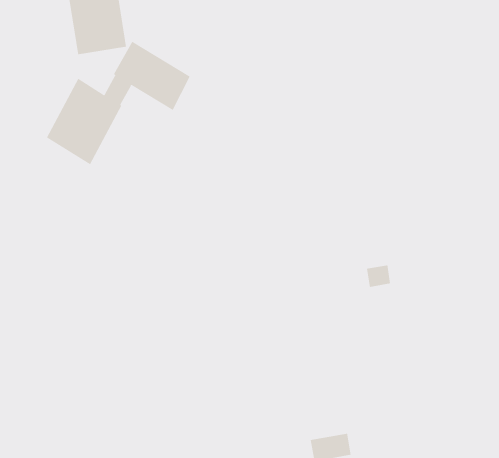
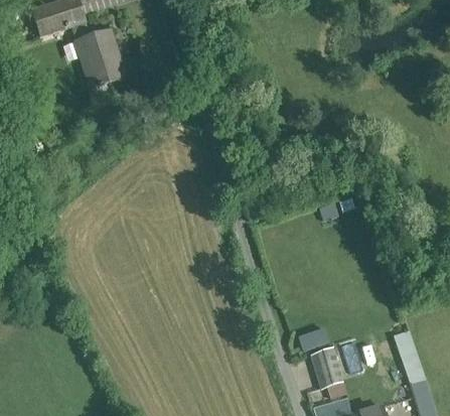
building: [46,41,190,165] -> none

